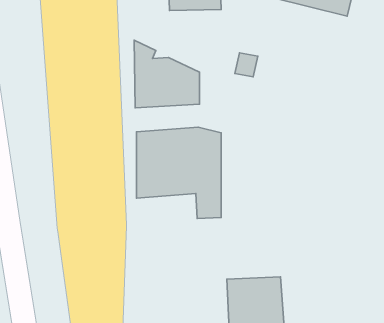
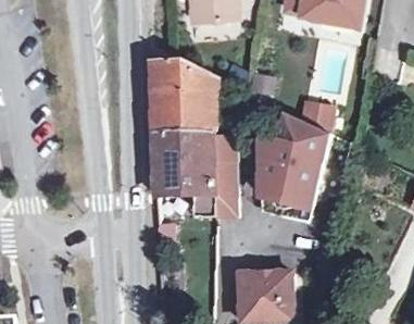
building: none -> [258,104,327,208]
building: none -> [153,109,214,135]

